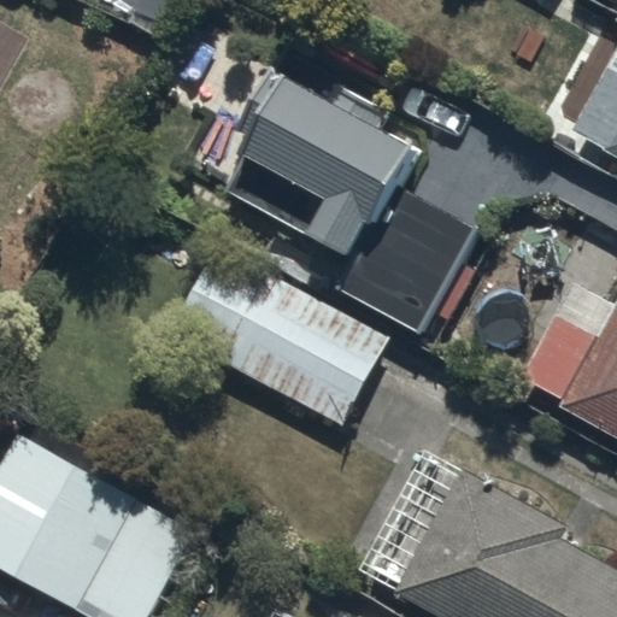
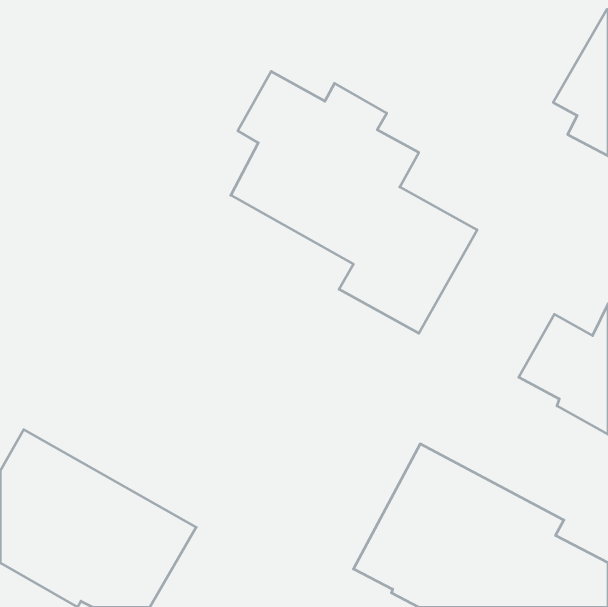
building: [175,249,394,428] -> none

